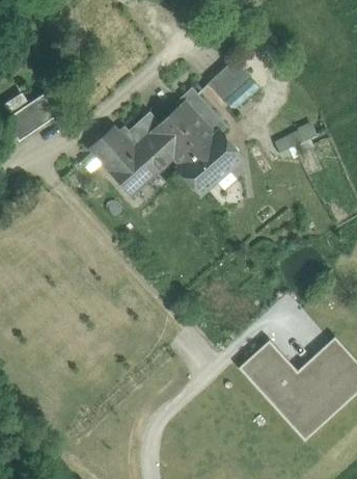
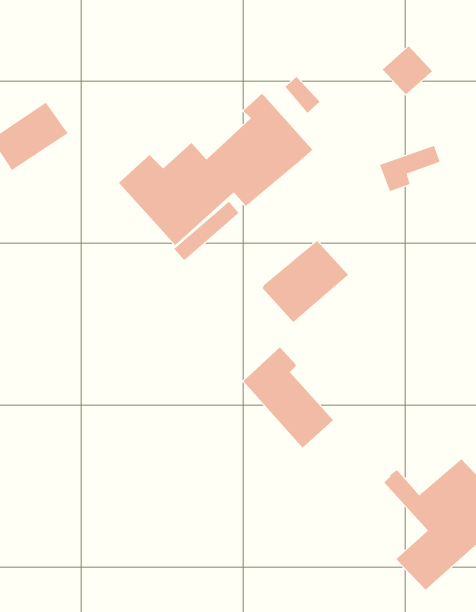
building: [215,60,250,95] -> [382,46,433,95]
building: [178,136,239,193] -> [262,240,349,323]
building: [242,341,305,411] -> [242,347,334,449]

